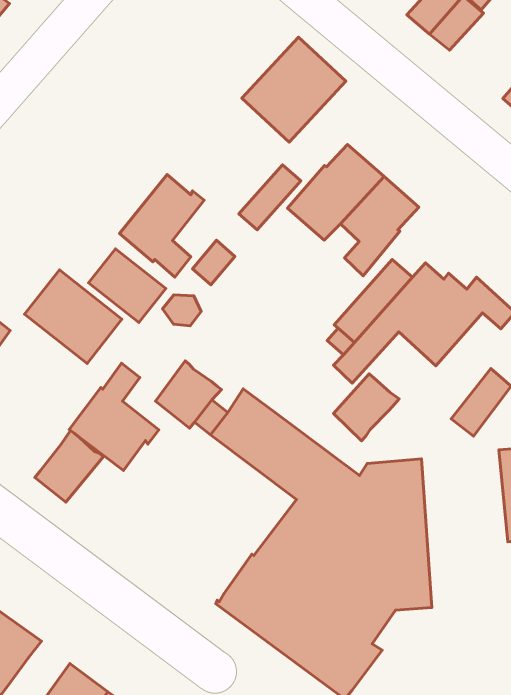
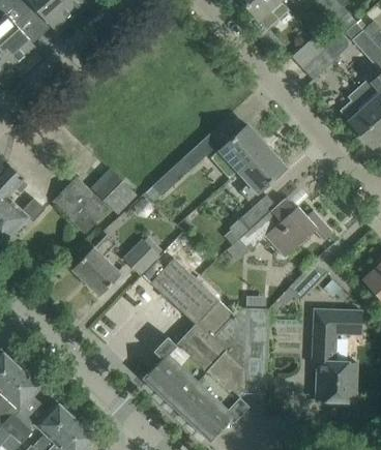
building: [242,37,346,142] -> none
building: [119,174,204,277] -> none
building: [334,374,399,441] -> none
building: [35,430,103,502] -> none

